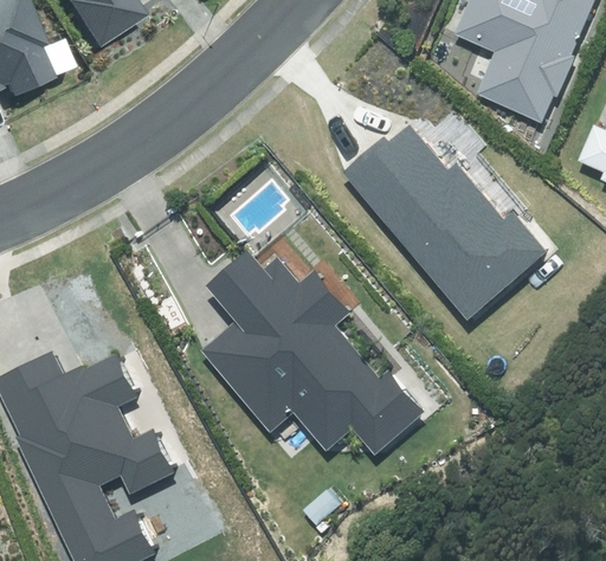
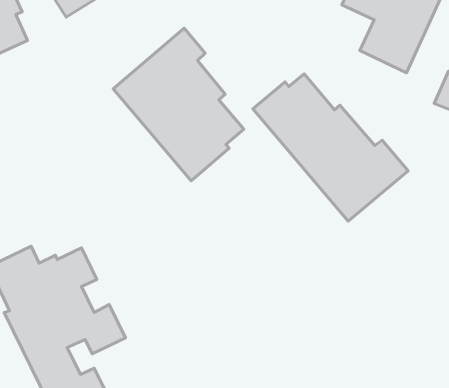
building: none -> [113,28,244,181]
building: [201,252,426,456] -> none

